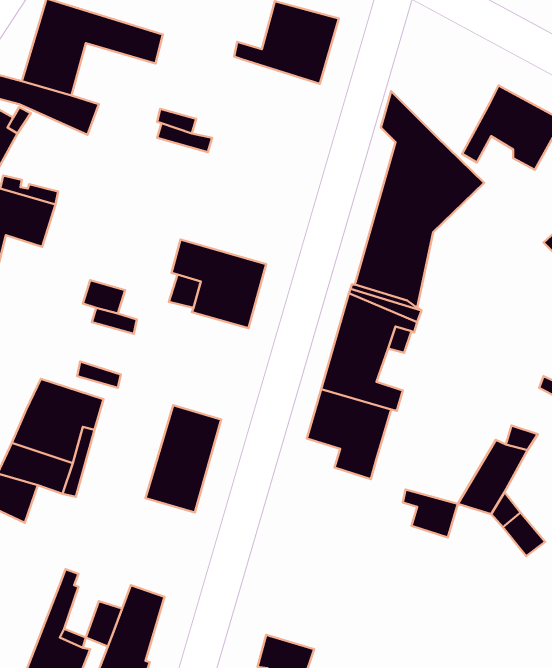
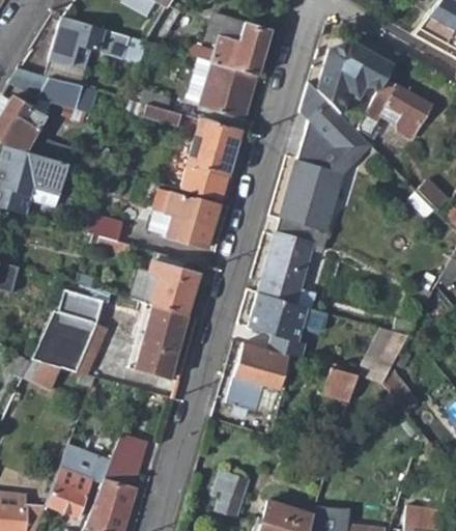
building: none -> [317,43,393,114]
building: none -> [191,59,258,119]
building: none -> [180,121,240,202]
building: none -> [147,262,199,316]
building: none -> [227,343,294,413]

